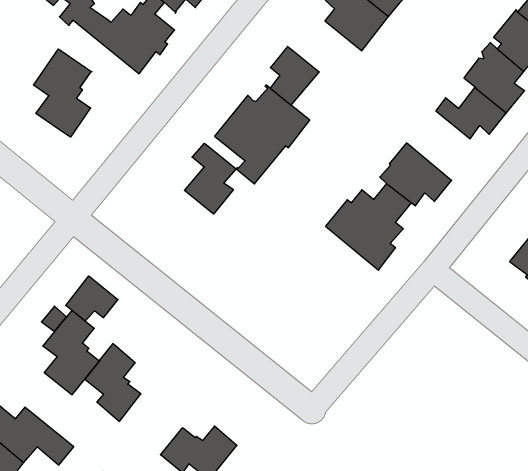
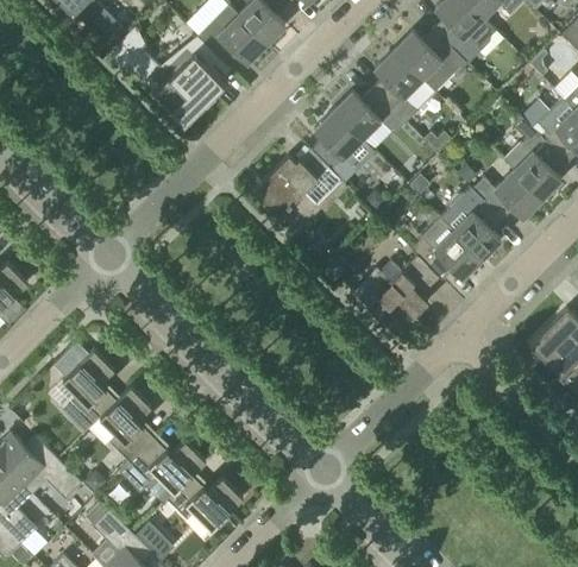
building: none -> [333,89,406,139]
building: [34,49,92,137] -> none
building: none -> [440,188,503,259]
building: [184,143,236,214] -> none
building: [66,276,118,321] -> none
building: none -> [130,437,206,503]

